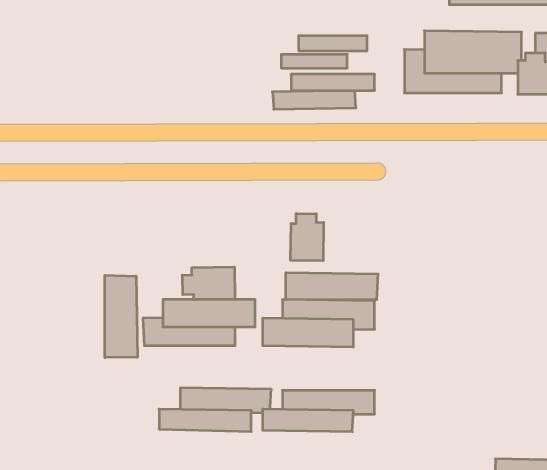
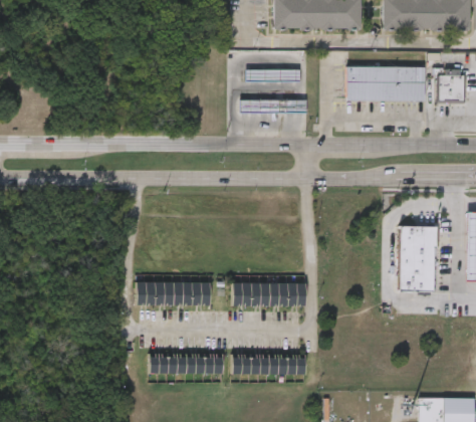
building: [291,213,324,261] -> none
building: none -> [396,229,432,294]
building: [182,267,235,300] -> none
building: [286,273,378,300] -> none
building: [105,275,137,358] -> none

